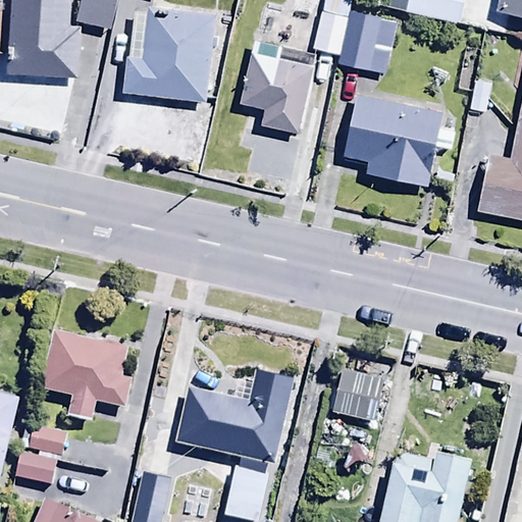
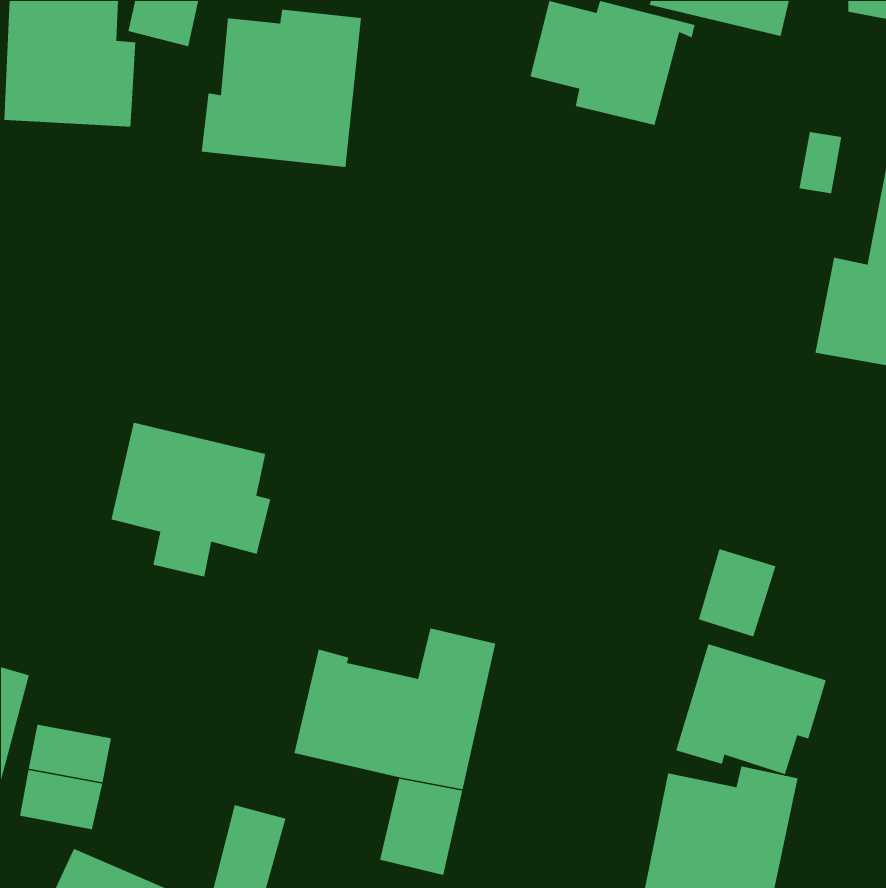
building: [238,39,317,135] -> none
building: [342,94,459,187] -> none
building: [42,330,136,421] -> [110,422,271,577]
building: [337,356,383,408] -> [698,548,776,637]
building: none -> [675,643,827,775]

